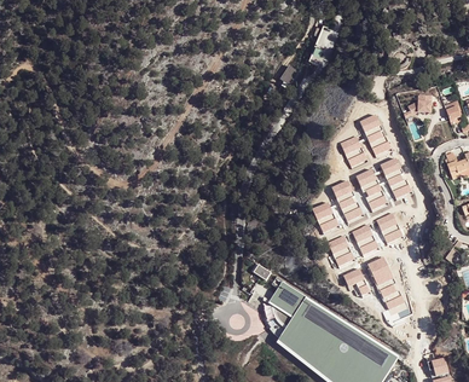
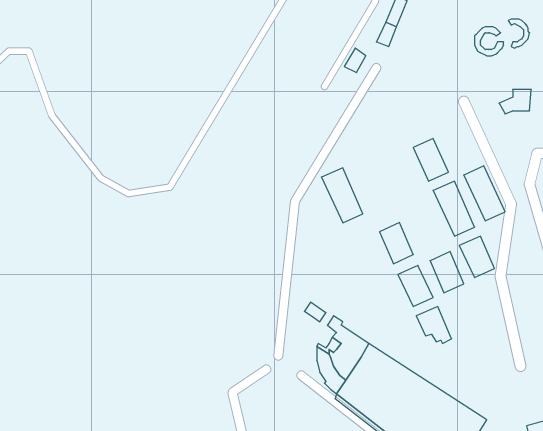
building: [360,112,393,156] -> none
building: [331,179,364,222] -> [321,168,363,223]
building: [367,255,410,320] -> none

